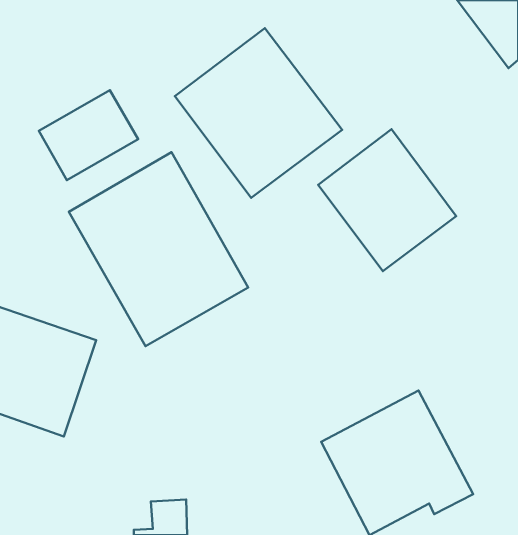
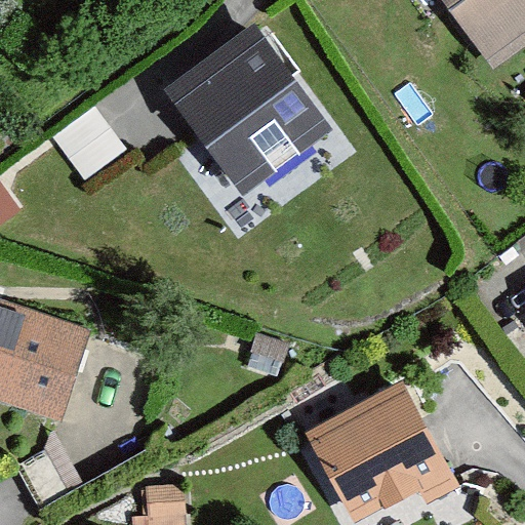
building: [318,129,456,271] -> none
building: [69,152,248,346] -> none

